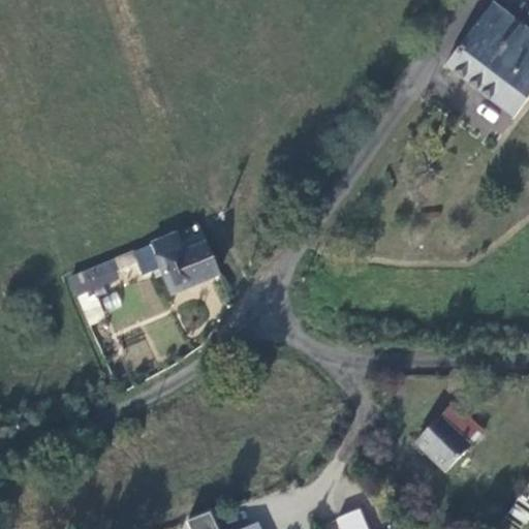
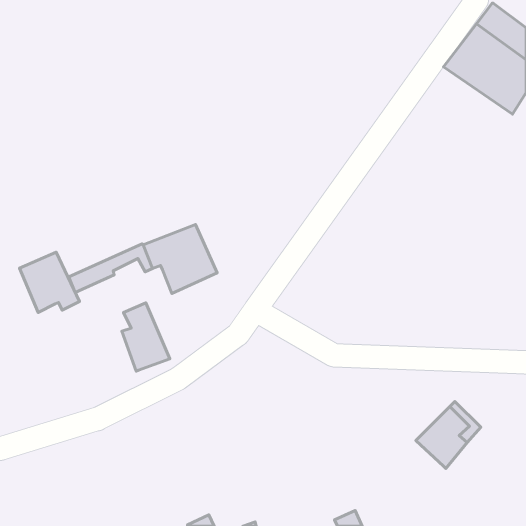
building: none -> [19,252,79,312]
building: none -> [122,303,170,371]

